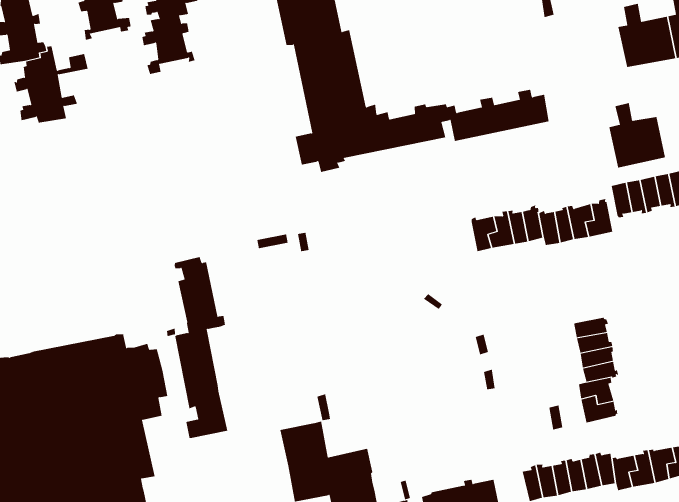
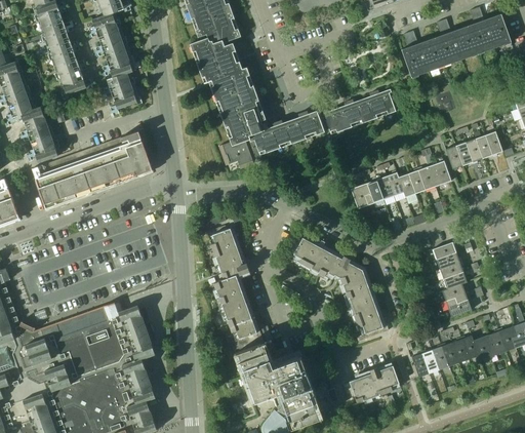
building: none -> [32,130,153,208]
building: [608,102,666,168] -> [401,30,444,77]
building: [166,256,228,439] -> [207,225,261,353]
building: none -> [286,235,389,341]

